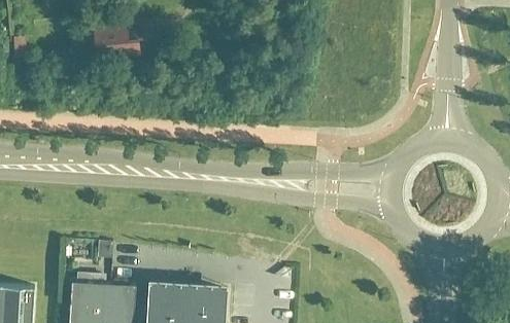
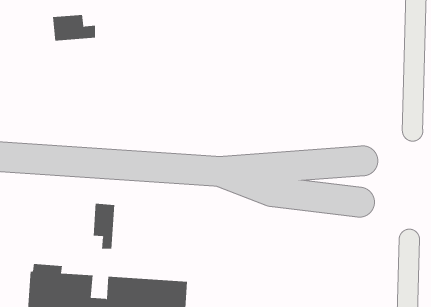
building: none -> [93,203,115,250]

